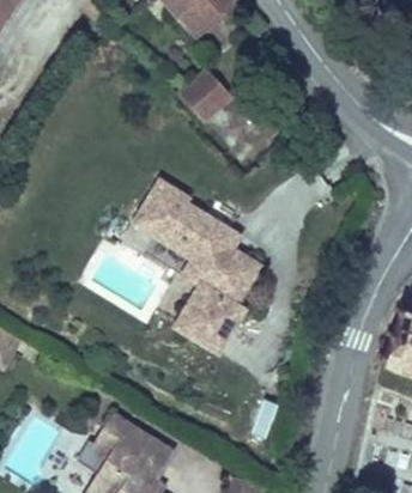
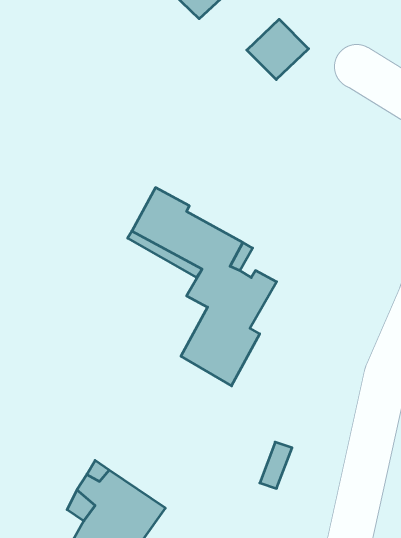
building: [177,74,230,126] -> [247,19,309,80]

